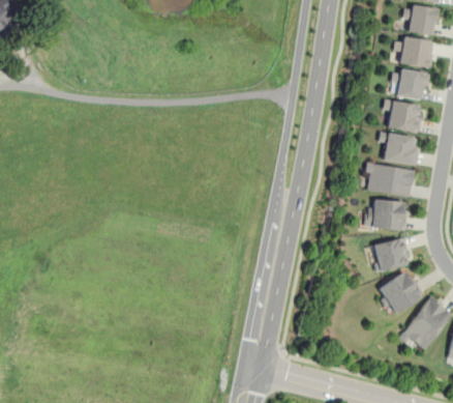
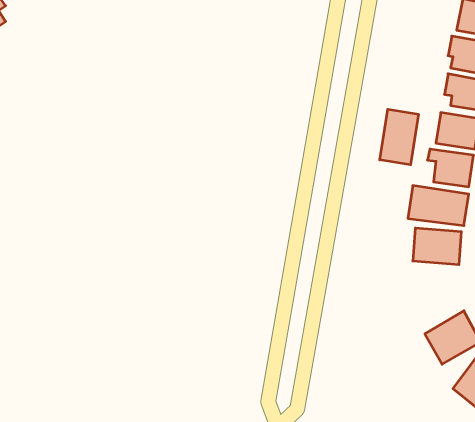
building: none -> [380,109,418,165]
building: [372,237,411,270] -> none

